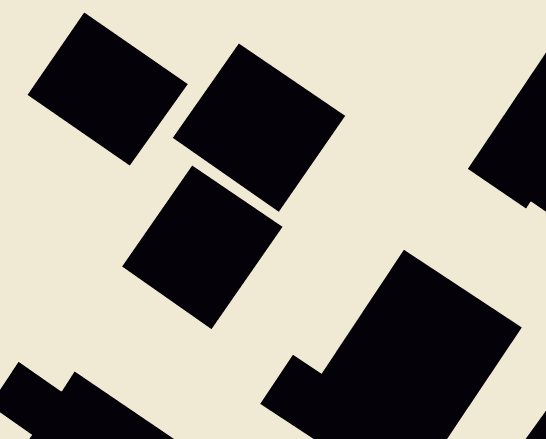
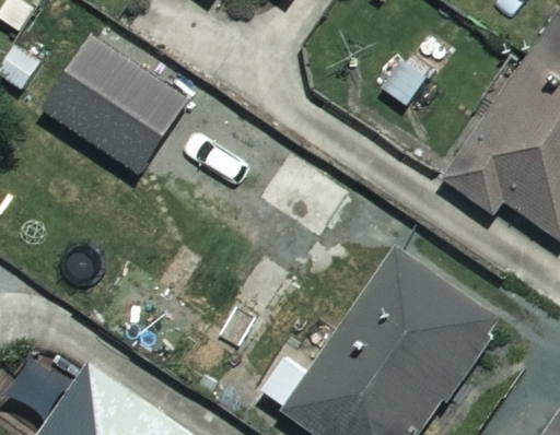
building: [172,42,346,213] -> none
building: [121,165,284,330] -> none

